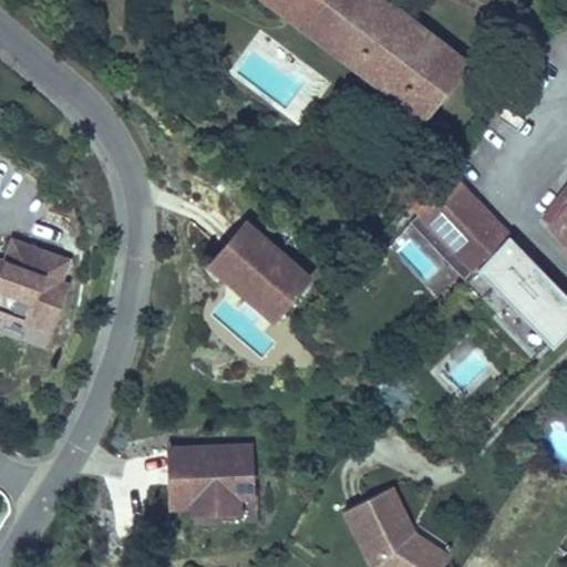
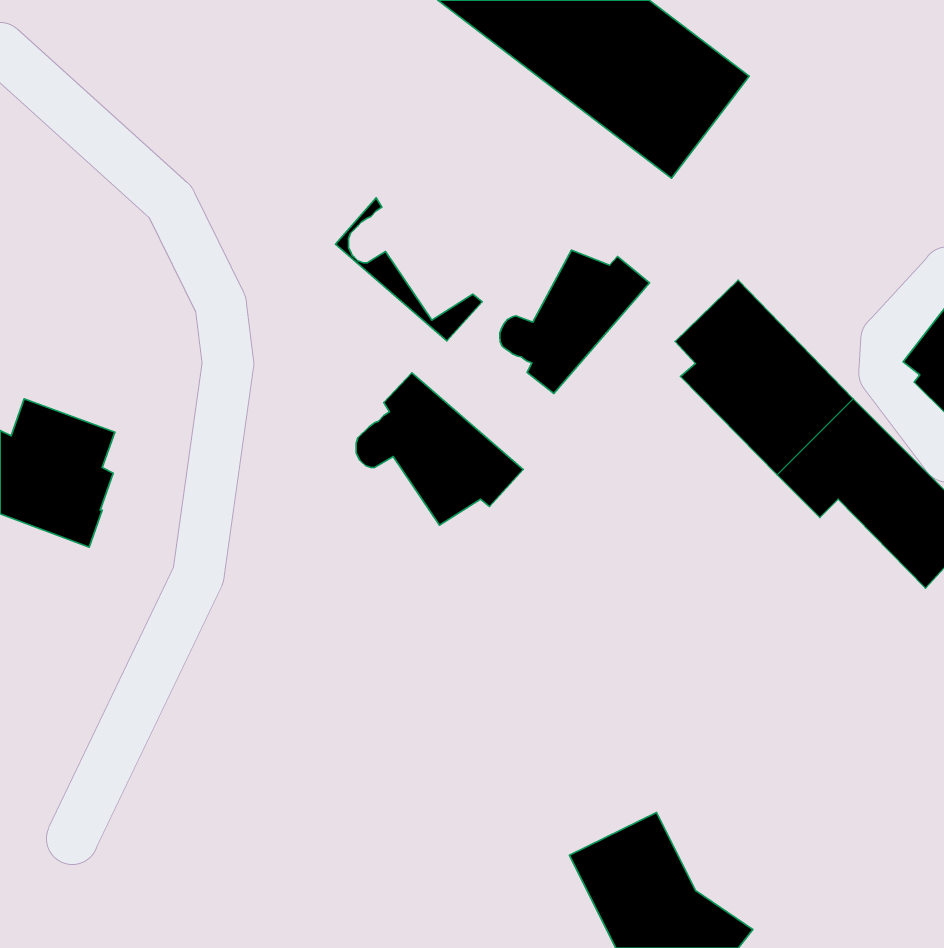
building: [403,45,472,123] -> none
building: none -> [500,250,649,393]
building: [207,240,295,326] -> [336,198,482,341]
building: [168,445,256,518] -> none

